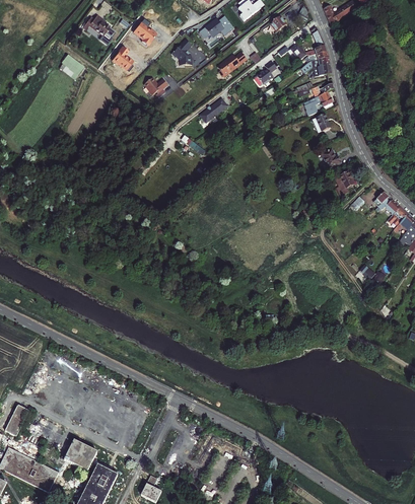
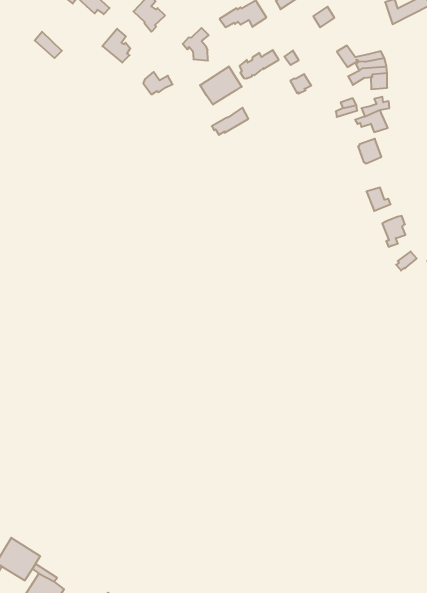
building: none -> [200,66,242,105]

